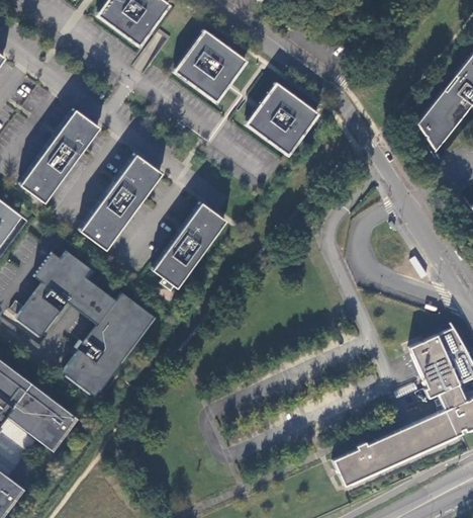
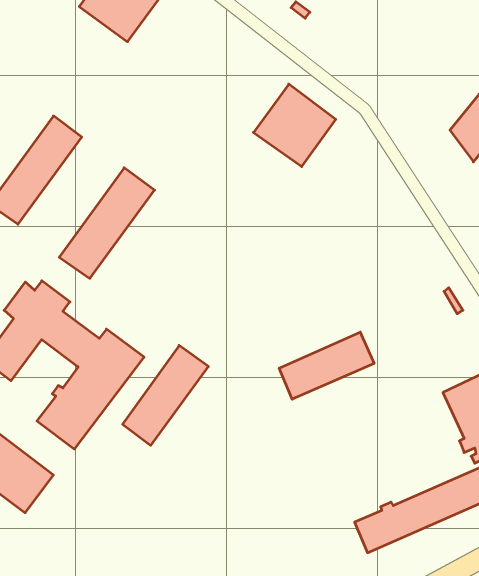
building: [175,29,247,101] -> none
building: [154,201,227,287] -> [123,345,208,445]
building: none -> [279,332,374,399]

